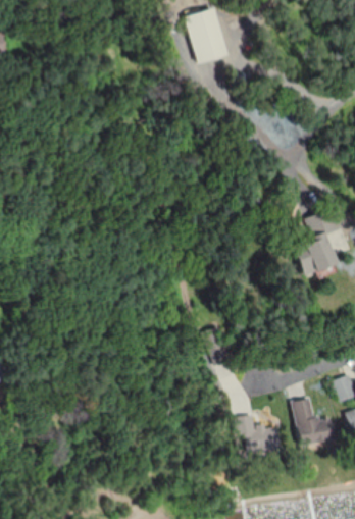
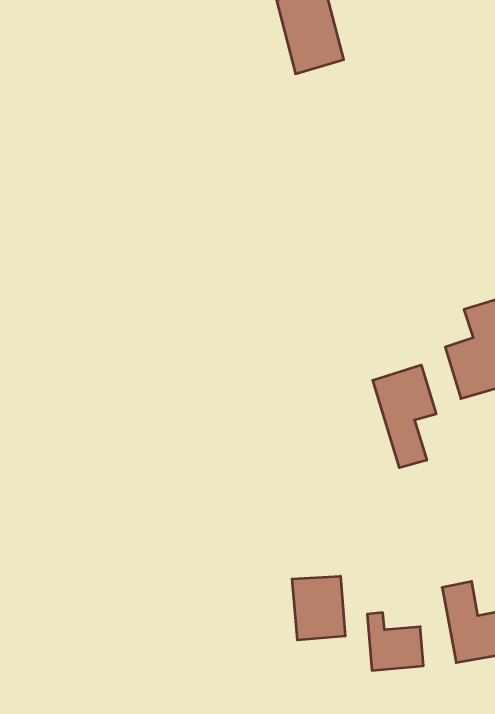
building: none -> [373,365,436,468]
building: none -> [292,576,345,640]

